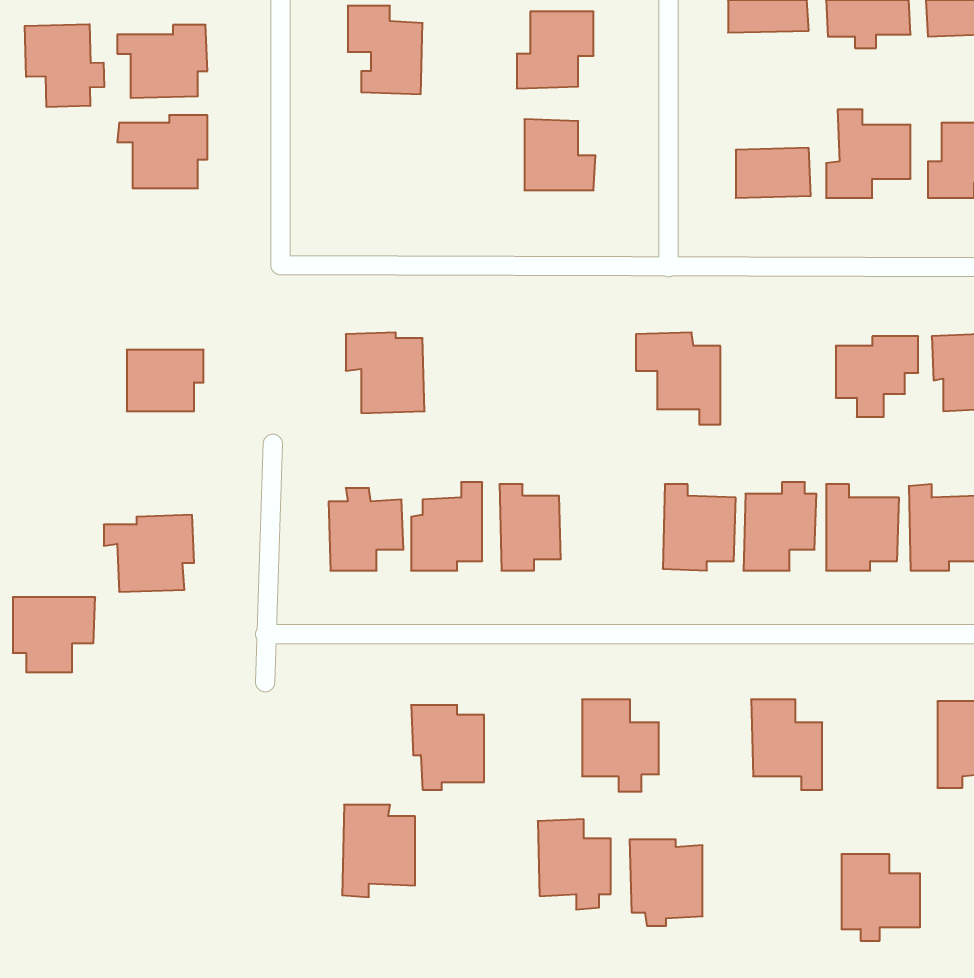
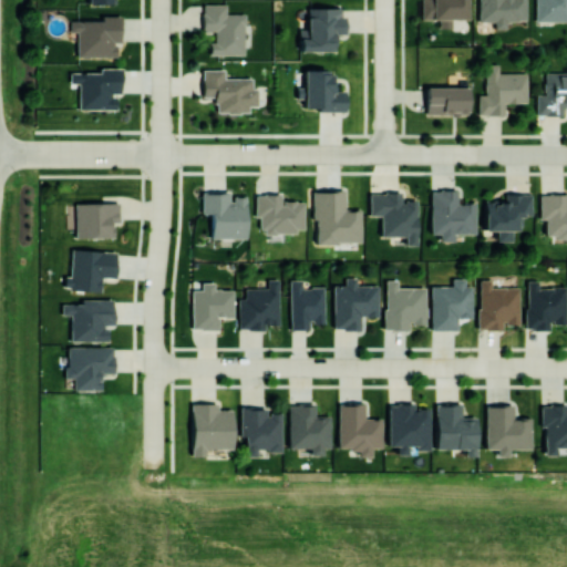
building: [25,24,104,107] -> none
building: none -> [204,71,260,114]
building: none -> [433,192,477,243]
building: none -> [316,193,363,245]
building: none -> [257,195,307,235]
building: none -> [66,250,118,292]
building: none -> [336,279,381,331]
building: [13,597,95,672] -> [69,348,116,391]
building: [342,805,415,897] -> [193,404,235,457]
building: [538,819,611,909] -> [290,405,332,457]
building: [630,839,703,926] -> [390,405,432,455]
building: [841,854,920,941] -> [488,408,534,457]

